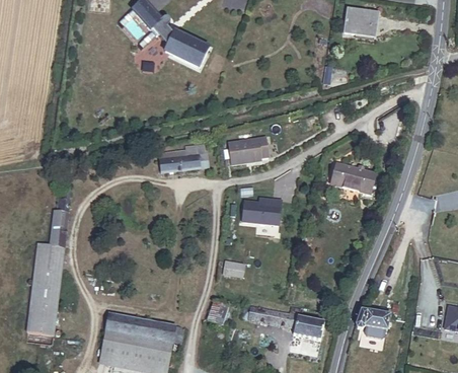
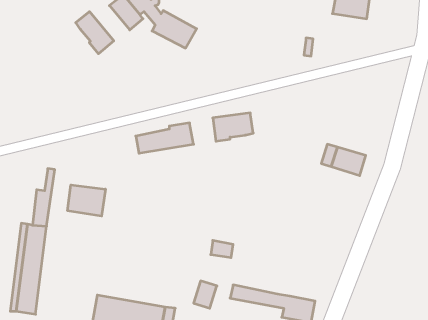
building: none -> [76,12,114,54]
building: [246,200,284,227] -> none
building: none -> [68,185,105,216]
building: [359,307,393,333] -> none

